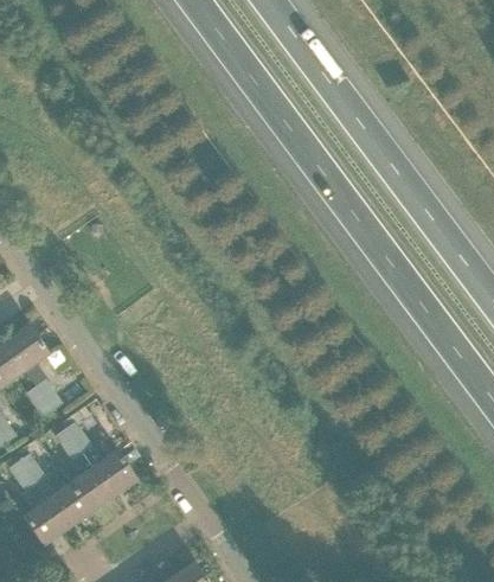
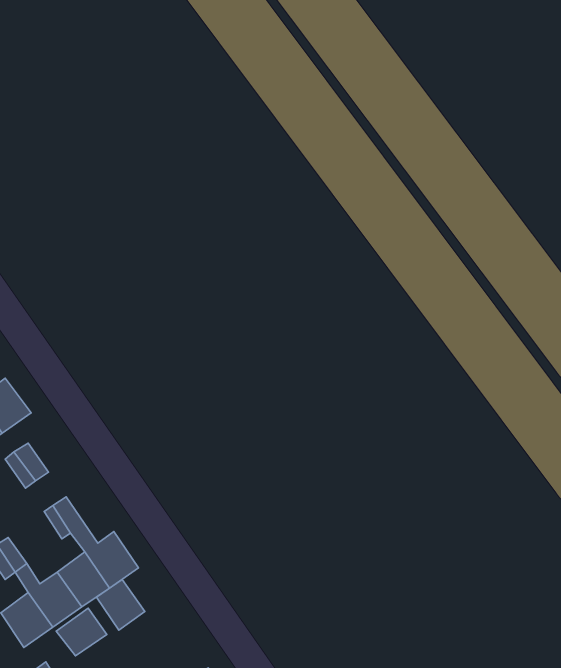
building: none -> [96,580,145,630]
building: none -> [56,608,107,656]

